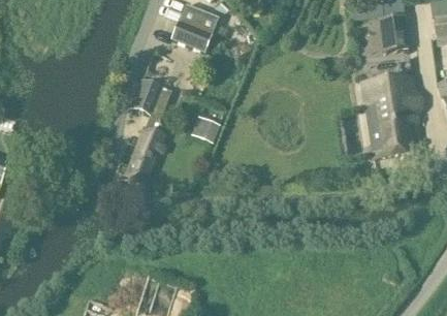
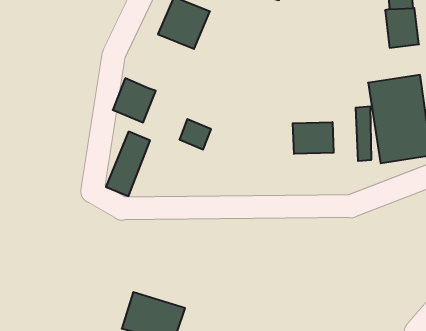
building: none -> [293,122,334,154]

